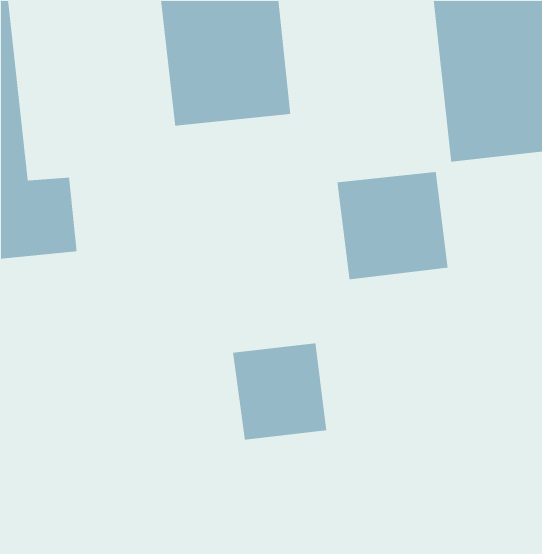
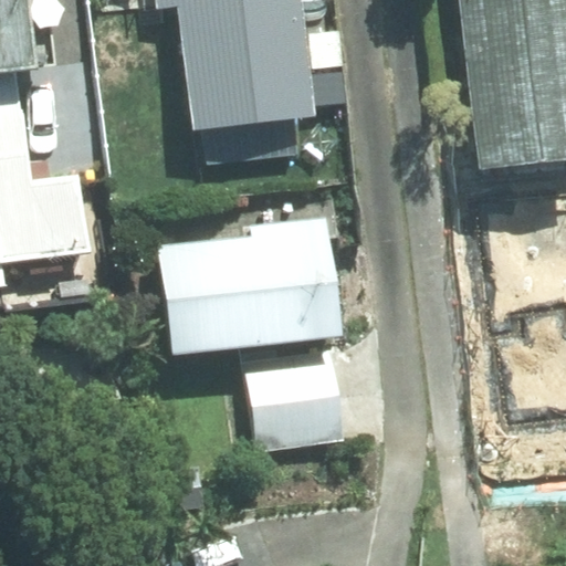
building: [336,171,448,280] -> none
building: none -> [157,216,336,349]

